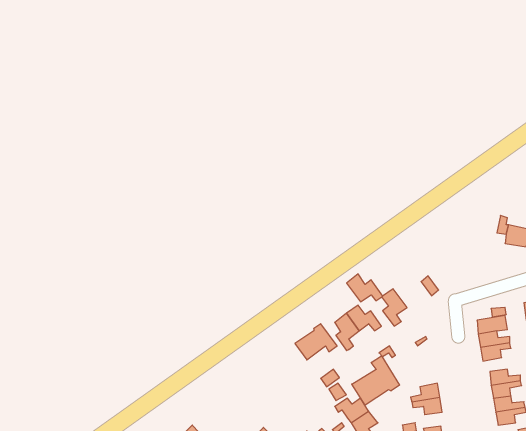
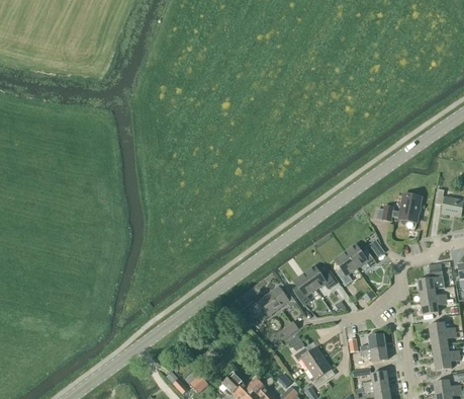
building: none -> [381,193,421,221]
building: [347,274,383,302] -> [345,244,376,268]
building: [352,356,400,405] -> none

